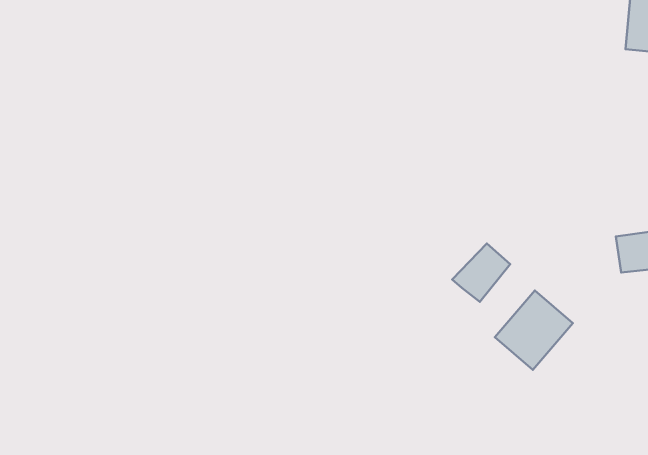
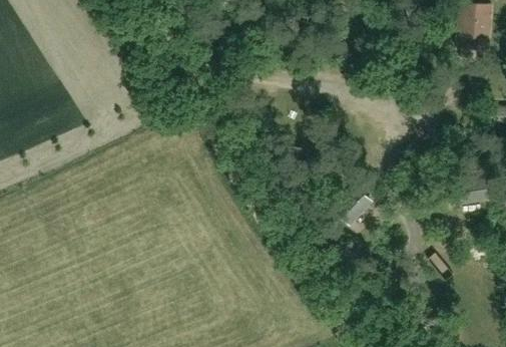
building: [495,291,573,370] -> none

